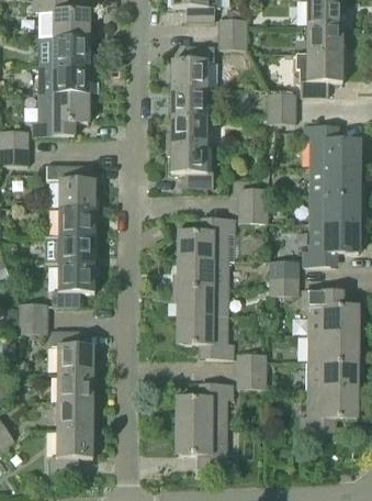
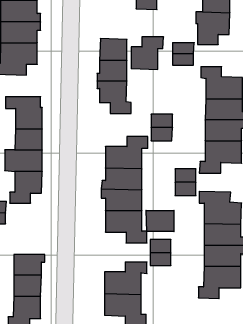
building: [171,46,214,89] -> [131,37,164,69]
building: none -> [146,210,174,232]
building: [50,331,98,374] -> none

